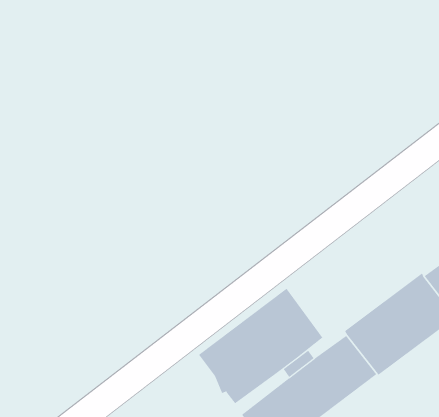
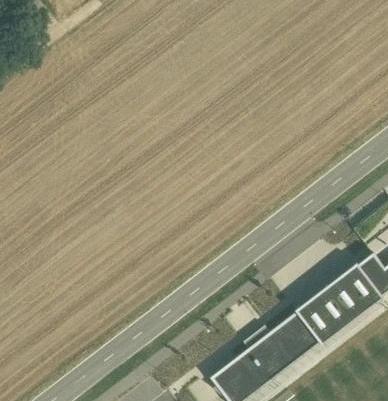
building: [198,288,323,404] -> none

